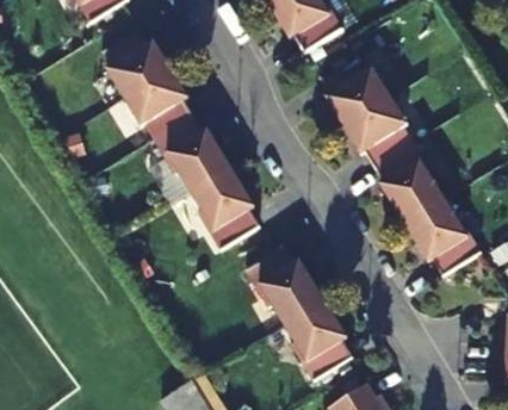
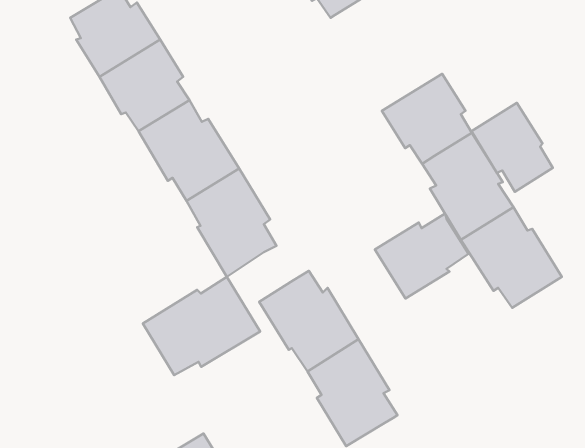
building: [321,54,389,124] -> none
building: none -> [471,103,553,192]
building: none -> [375,214,469,298]
building: none -> [143,277,260,375]

